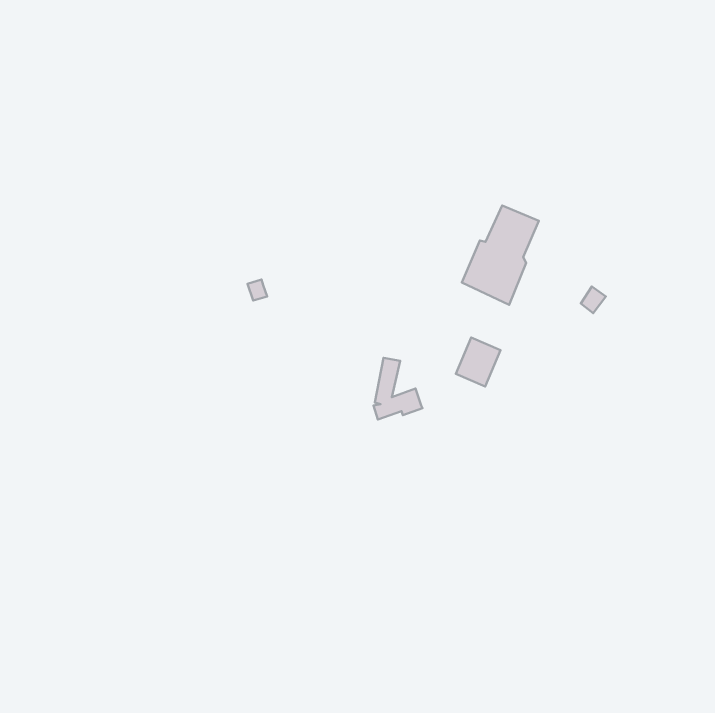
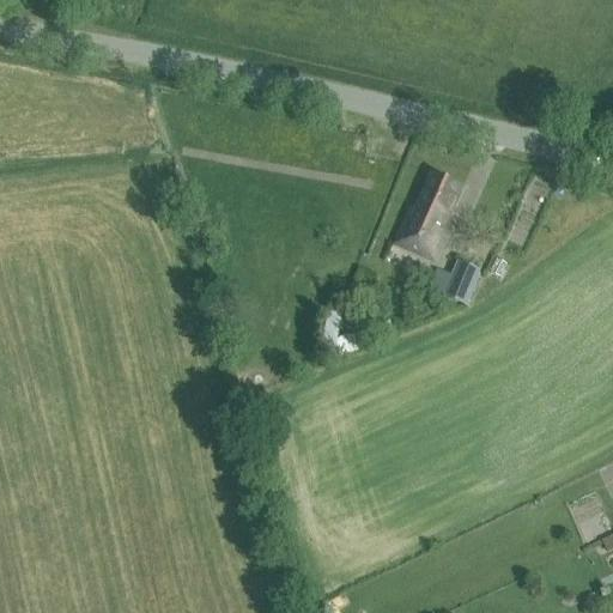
building: [456,338,501,387] -> [444,260,482,302]

